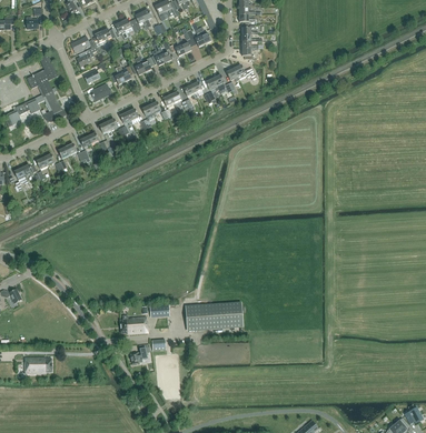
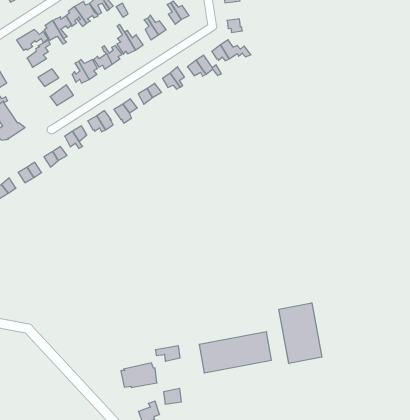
building: none -> [279,303,322,364]

